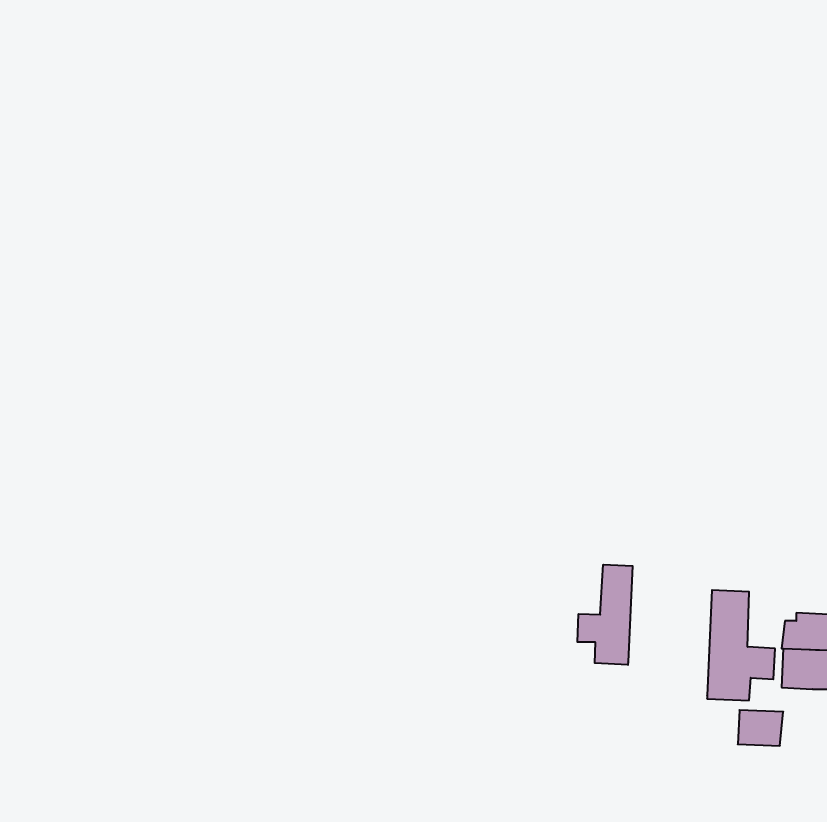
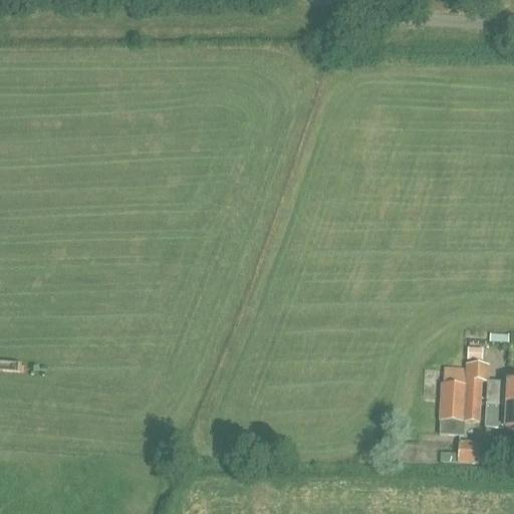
building: [577,565,633,665] -> none
building: none -> [464,361,490,402]

